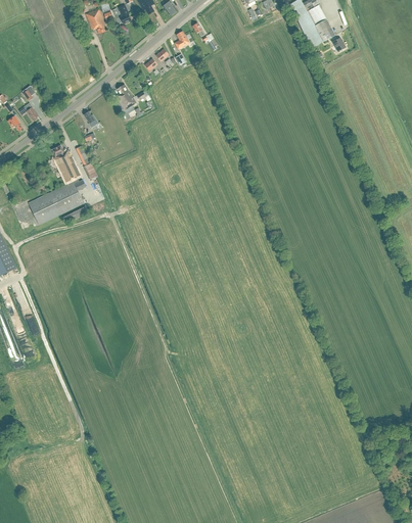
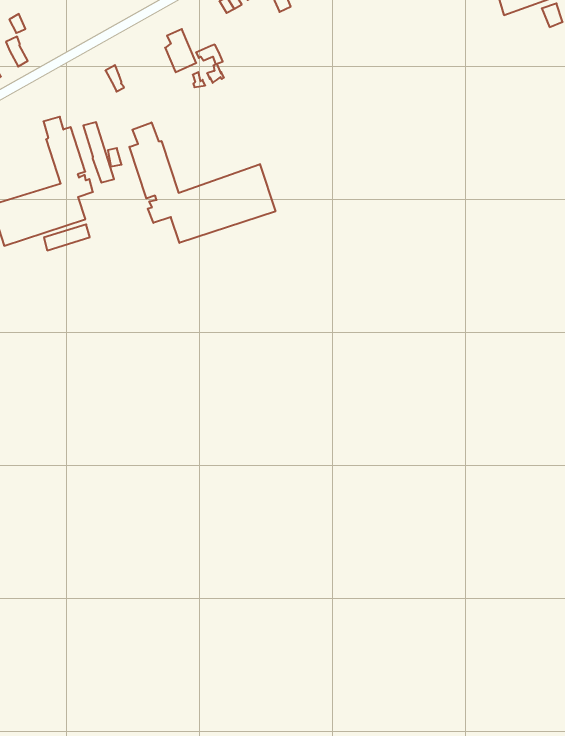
building: none -> [129,122,275,243]

